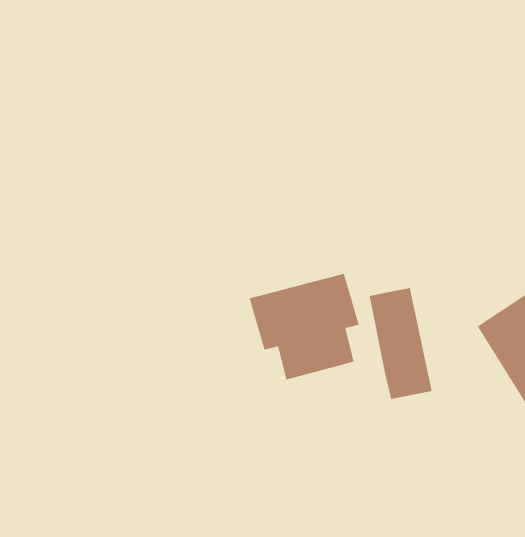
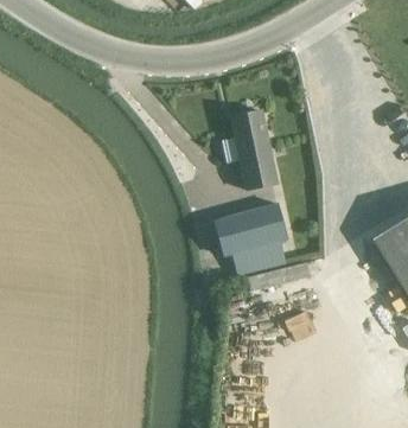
building: [369,288,432,400] -> [231,109,276,189]

